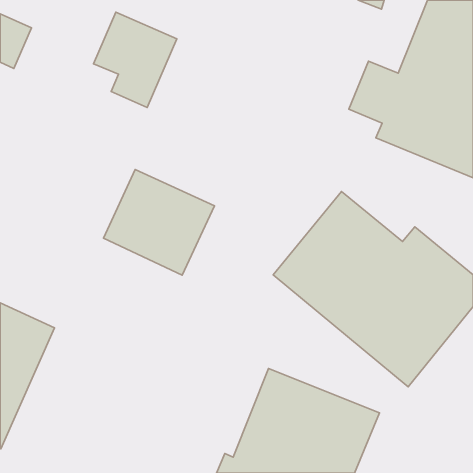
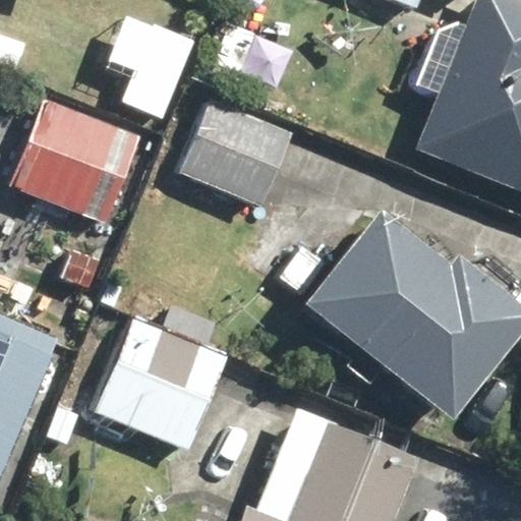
building: none -> [12,101,138,222]
building: [104,170,215,275] -> [176,94,298,210]
building: none -> [93,303,228,450]

